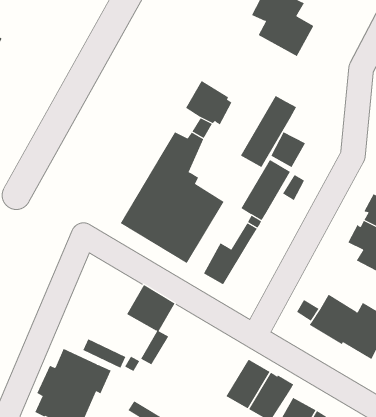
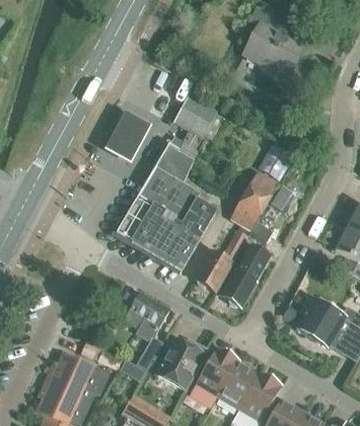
building: [240,95,297,168] -> none
building: none -> [104,114,150,165]
building: none -> [221,243,272,306]
building: none -> [155,337,208,390]
building: none -> [196,346,238,396]

